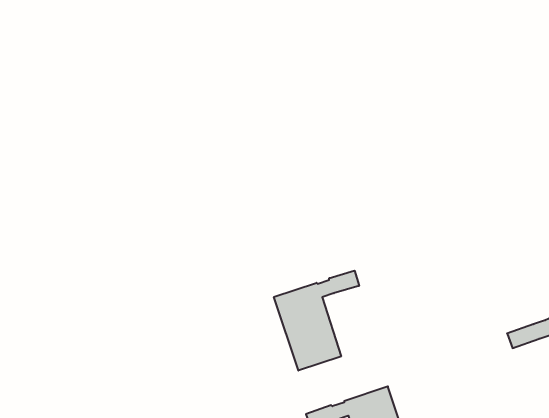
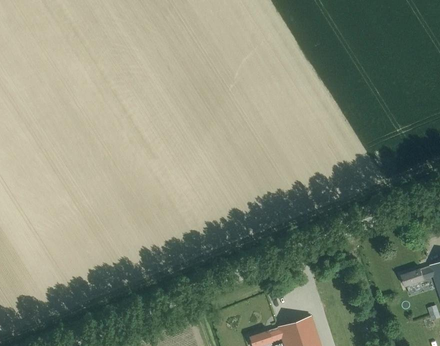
building: [274,271,359,371] -> none

